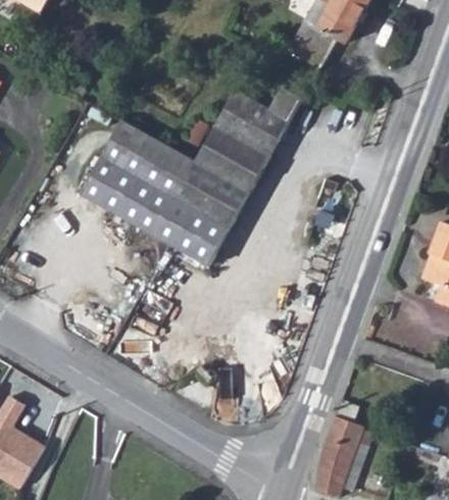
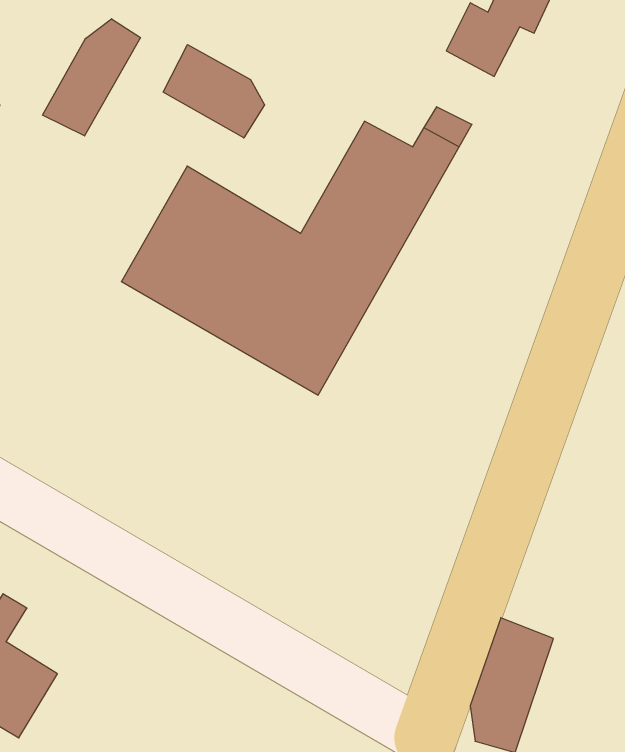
building: none -> [43,19,140,136]
building: none -> [163,45,265,138]

